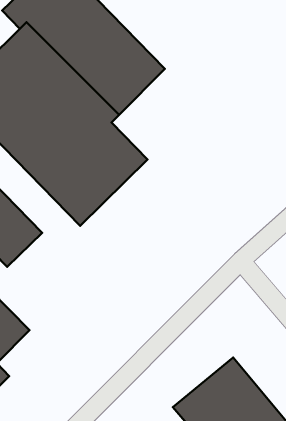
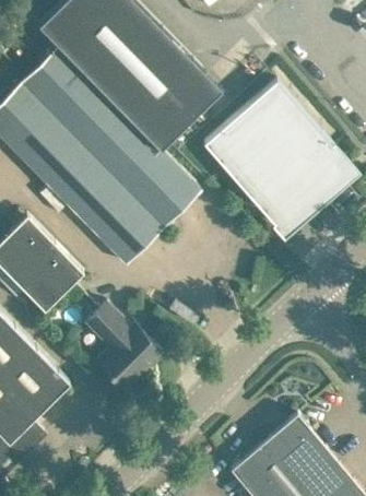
building: none -> [204,81,351,228]
building: none -> [86,304,163,390]

